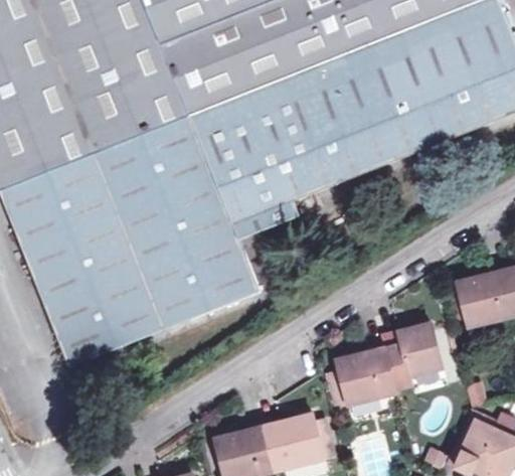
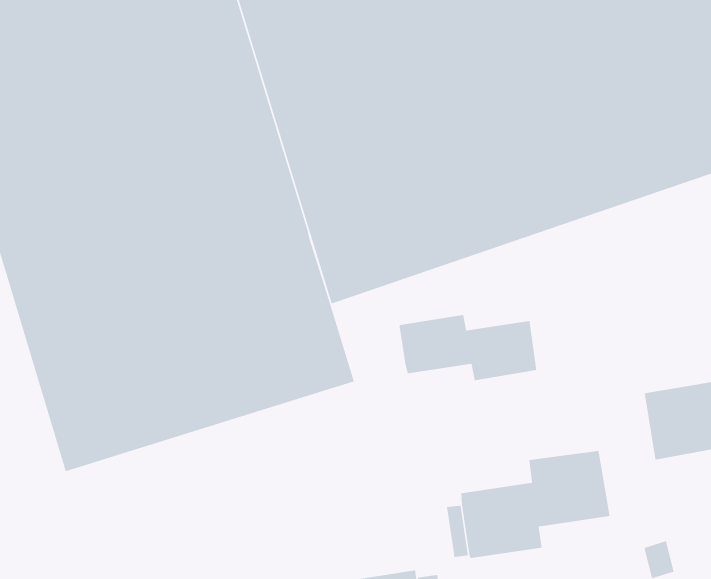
building: none -> [399,314,537,381]

